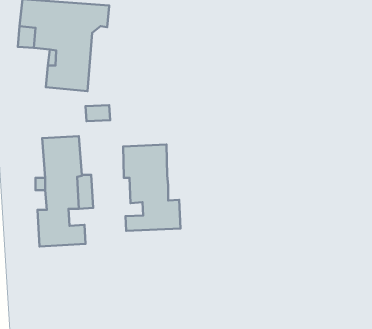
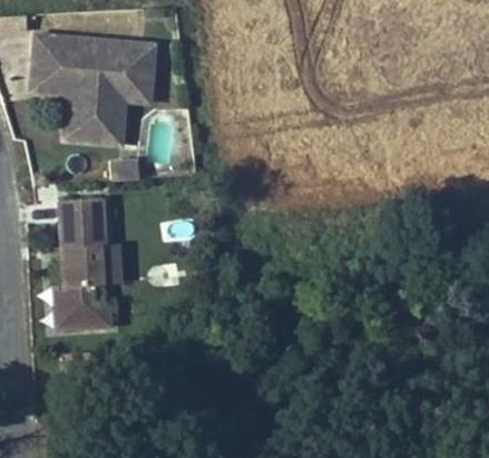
building: none -> [115,43,157,144]
building: [123,144,181,231] -> none

